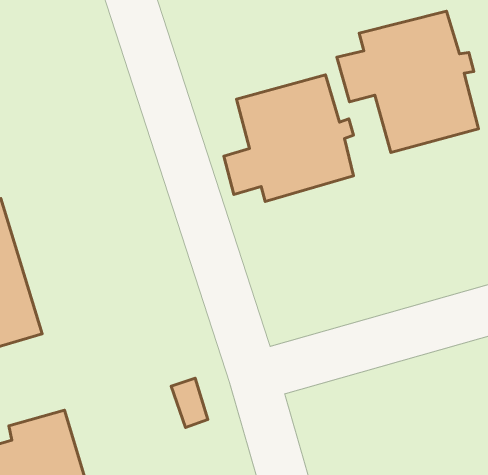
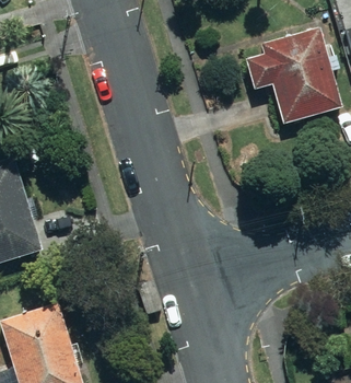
building: [224,75,354,201] -> none

